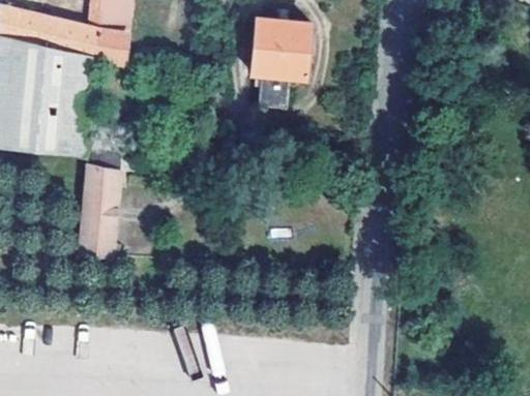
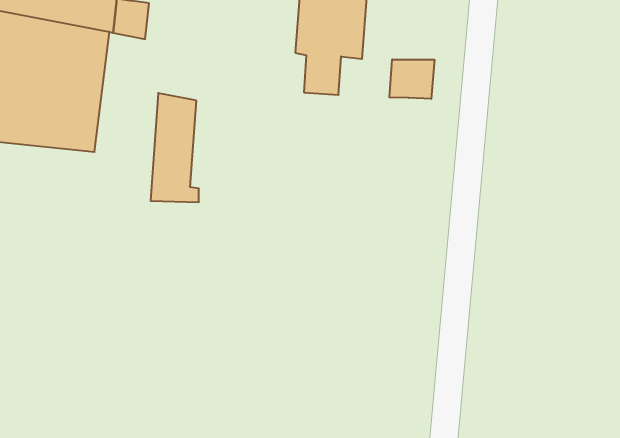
building: none -> [389,59,434,99]
building: [81,164,121,255] -> [151,93,199,202]

